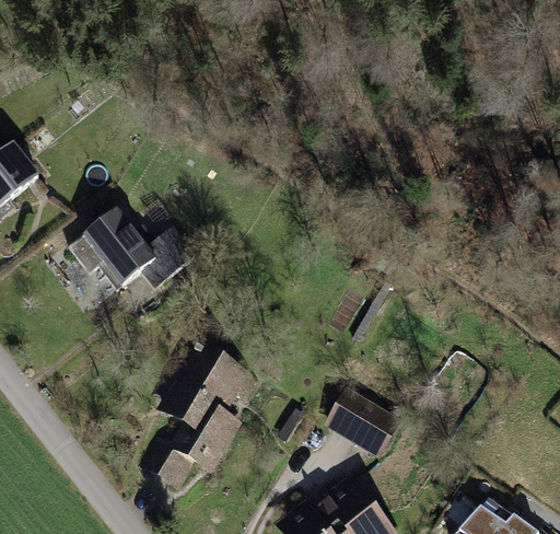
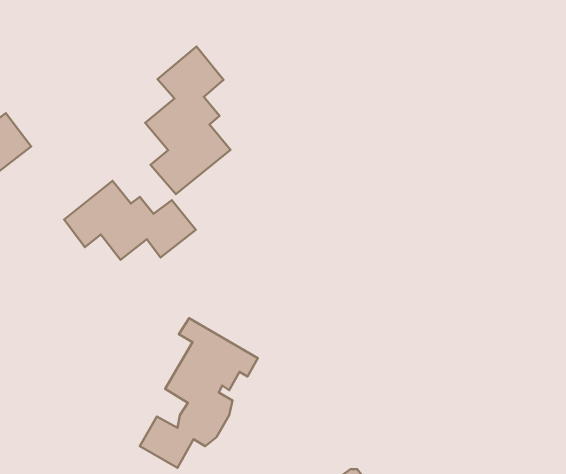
building: none -> [145,46,230,194]
building: [335,397,394,450] -> none

